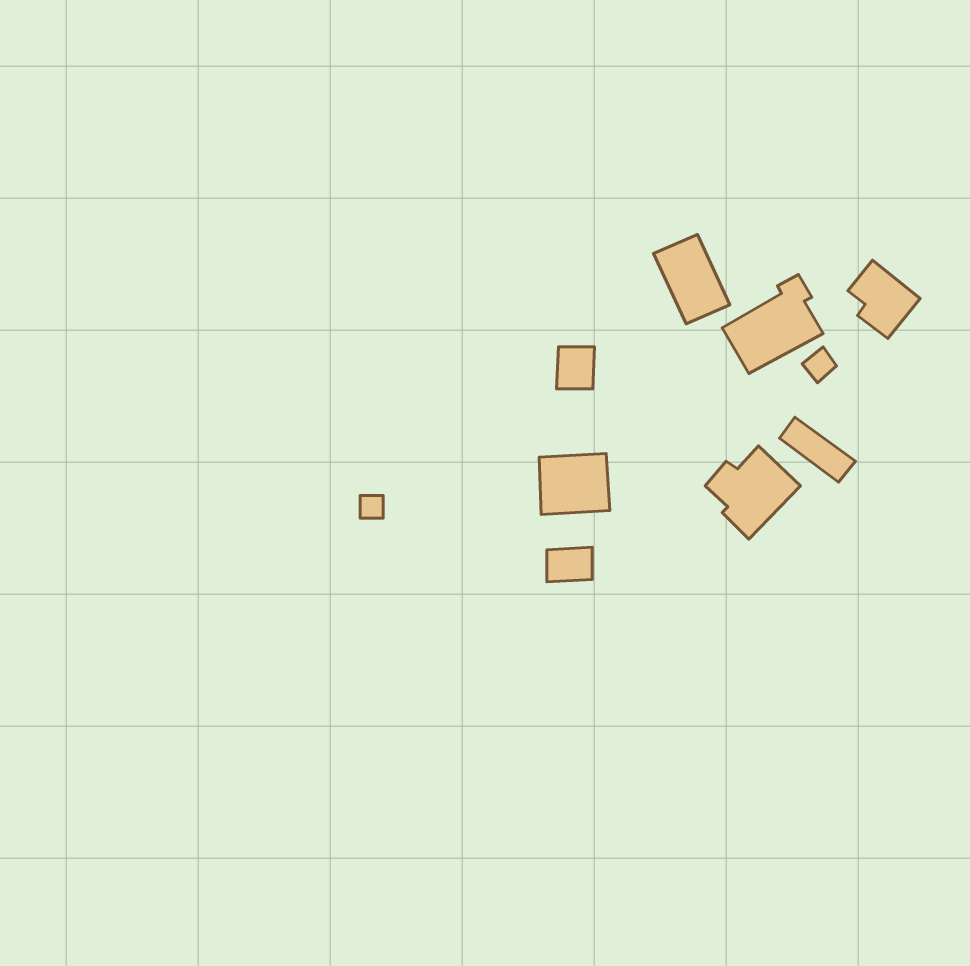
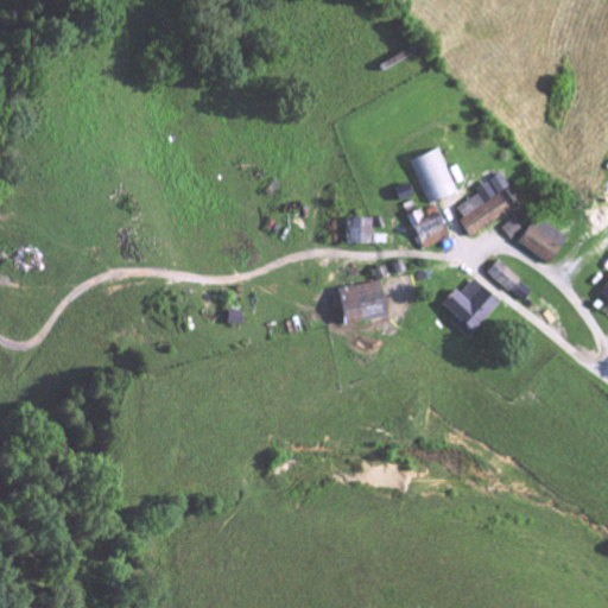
building: [848,260,920,338] -> [522,214,568,262]
building: none -> [406,207,449,248]
building: [547,547,592,582] -> none

